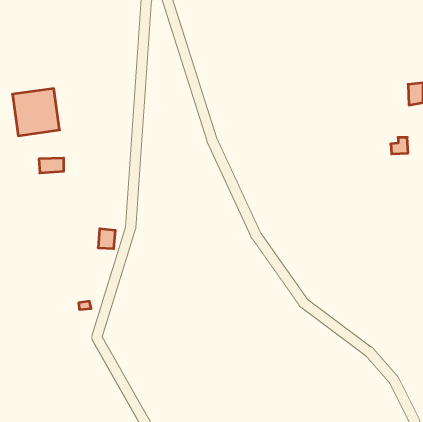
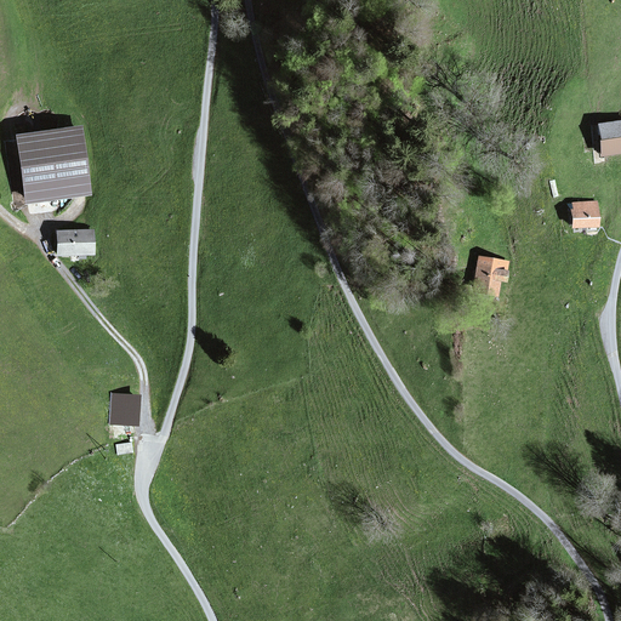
building: none -> [473,257,506,290]
building: [98,229,115,249] -> [110,394,136,423]

